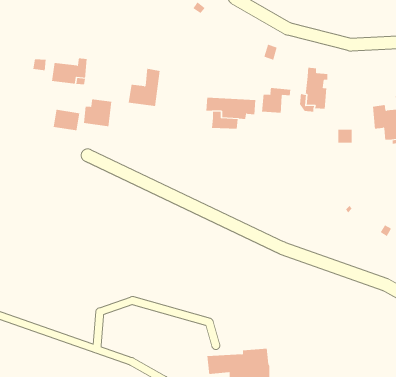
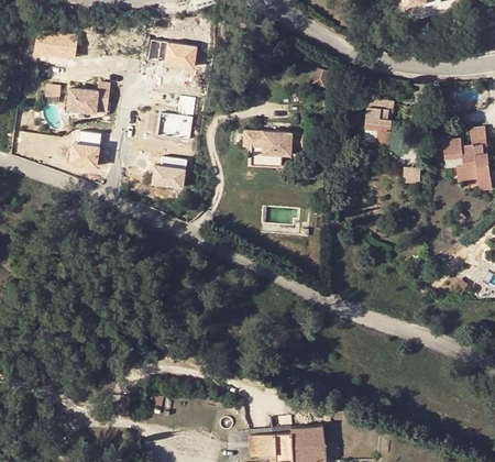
building: none -> [33,31,76,58]
building: none -> [146,40,197,70]
building: [262,87,291,113] -> none
building: [83,99,112,127] -> [151,157,185,190]

